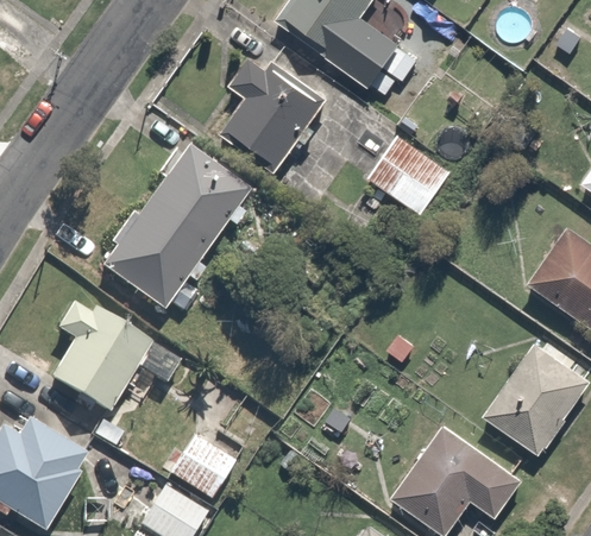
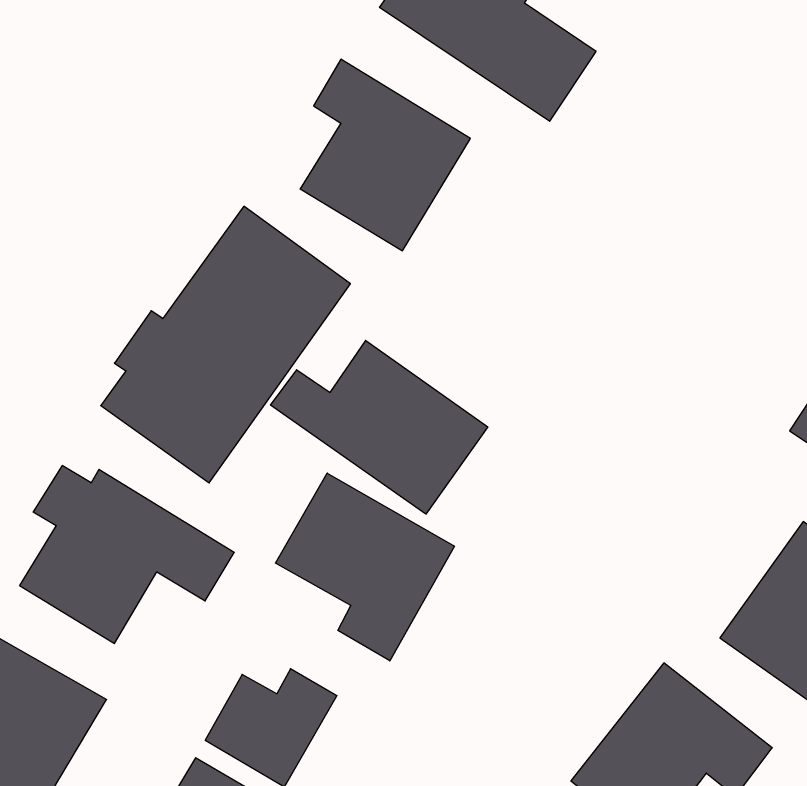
building: [364,132,453,219] -> none
building: none -> [271,340,488,514]
building: none -> [275,473,454,661]

